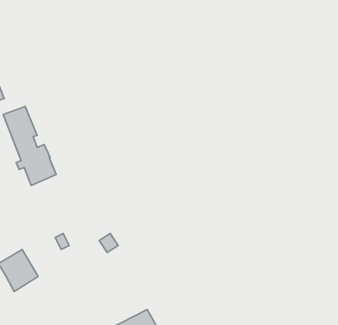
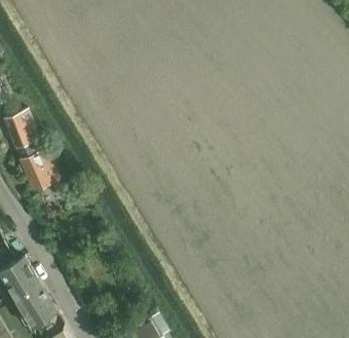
building: none -> [15,287,56,330]

